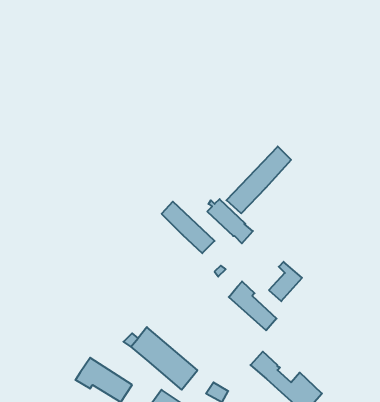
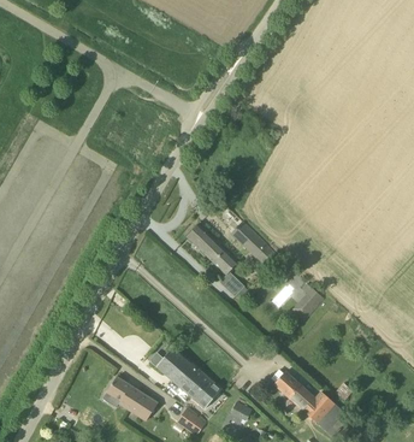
building: [226,146,291,213] -> none
building: [229,281,277,330] -> none

